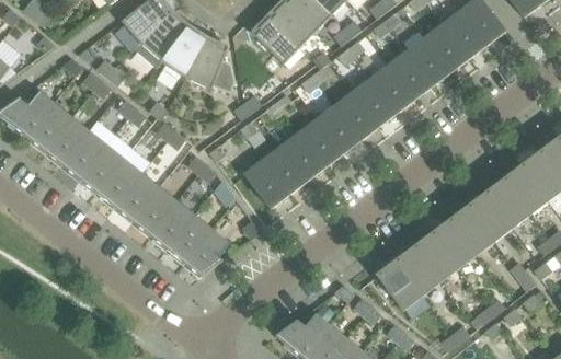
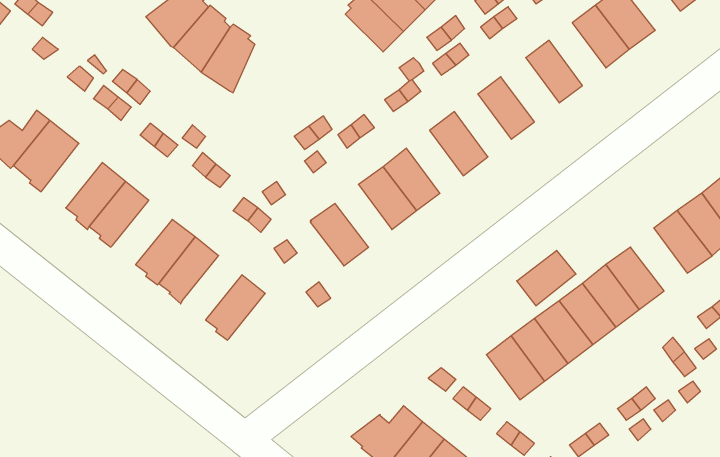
building: [255,15,300,62] -> none
building: [425,24,468,71] -> none
building: [187,37,234,89] -> none
building: [389,50,433,99] -> none
building: [354,78,397,125] -> none
building: [318,105,360,152] -> none
building: [44,115,89,165] -> none
building: [264,146,307,193] -> none
building: [96,158,141,207] -> none
building: [486,178,529,225] -> none
building: none -> [517,250,576,306]
building: [149,199,194,250] -> none
building: [184,228,230,276] -> none

